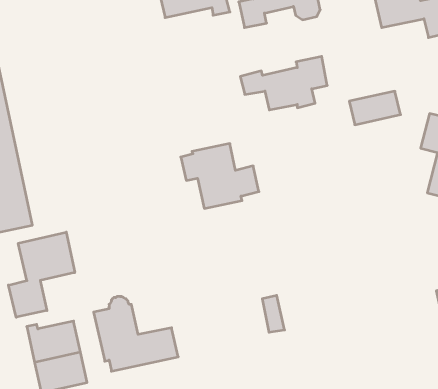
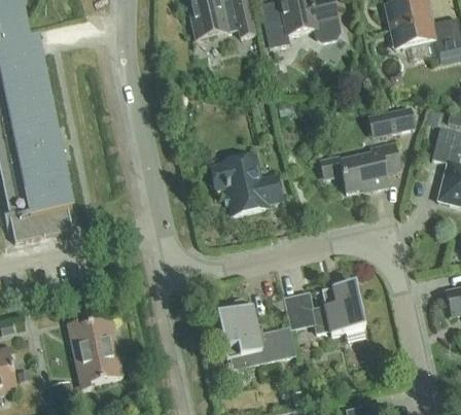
building: [240,56,327,110] -> [320,142,400,192]
building: [8,232,75,317] -> none
building: none -> [313,282,366,335]
building: [94,297,178,371] -> [217,299,295,368]

